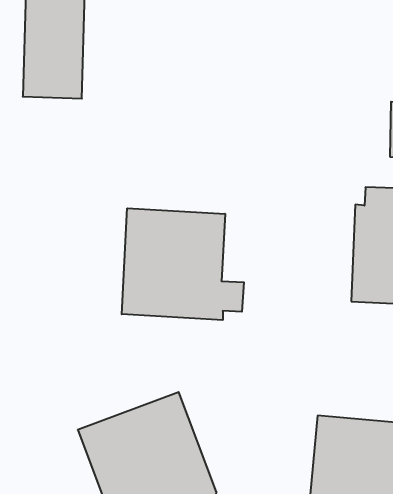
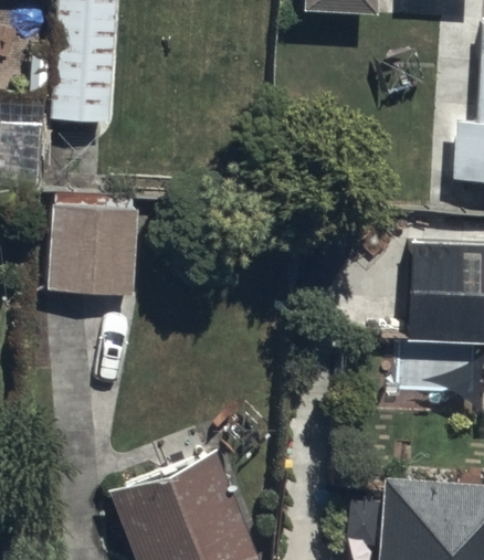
building: none -> [50,214,133,303]
building: [122,208,244,320] -> none

